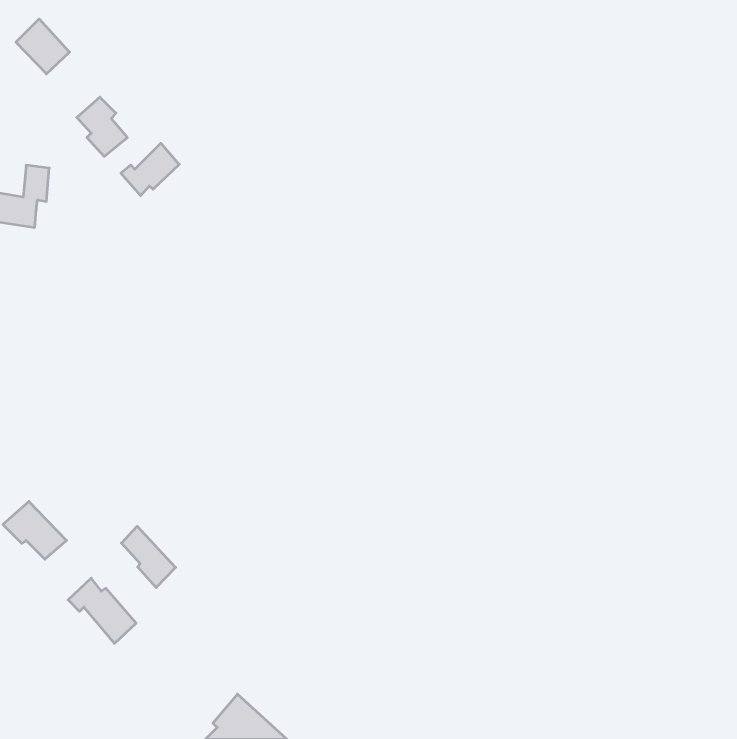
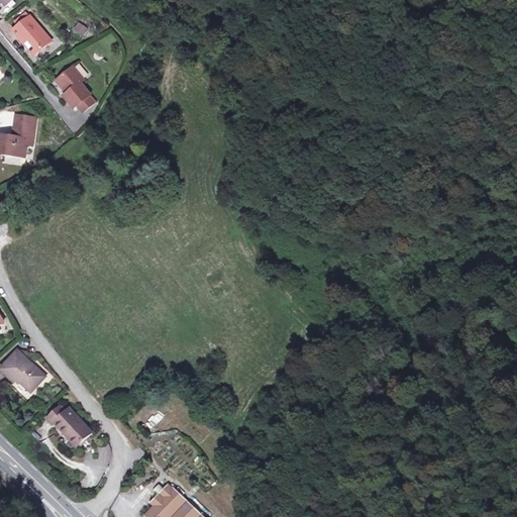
building: [121,143,179,196] -> none
building: [121,526,176,588] -> none

